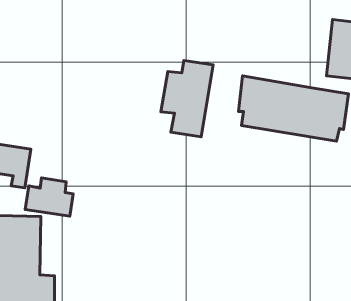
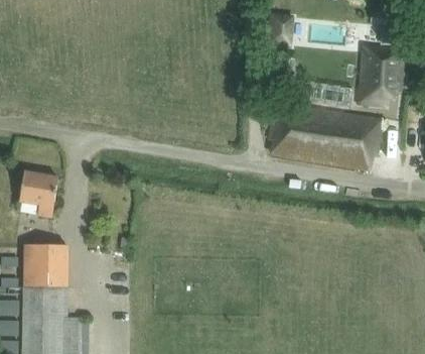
building: [161,60,213,137] -> none
building: [25,178,73,216] -> none

